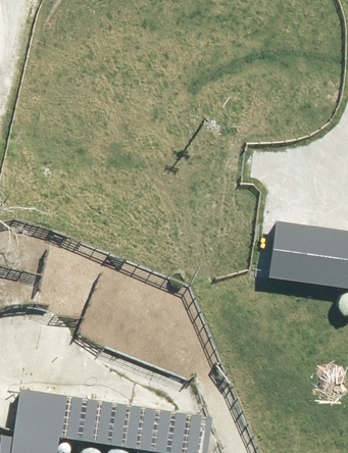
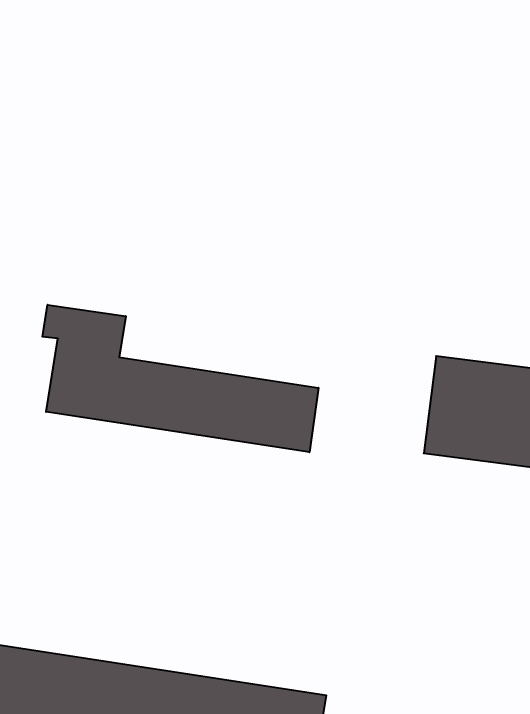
building: none -> [42,305,318,452]

